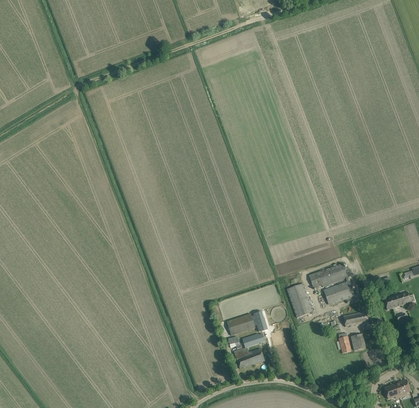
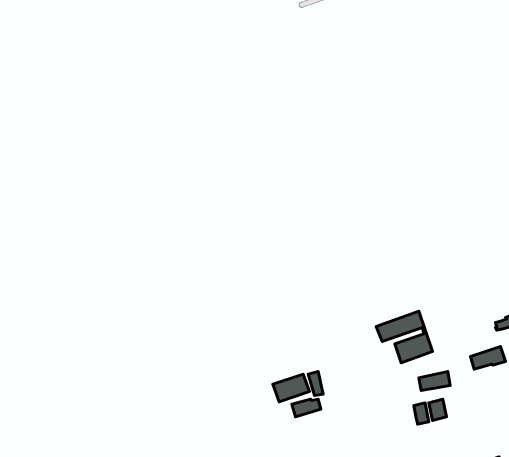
building: [287,283,314,317] -> none
building: [234,347,265,368] -> none

